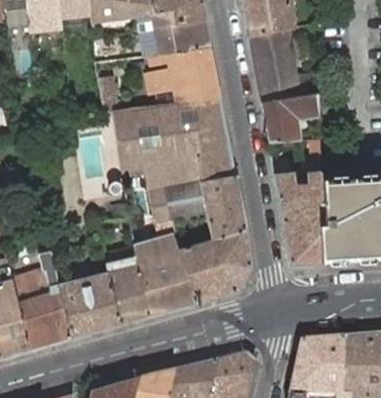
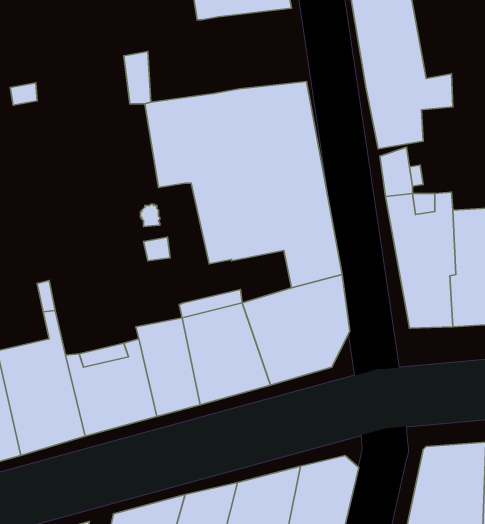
building: [147,47,221,105] -> none

